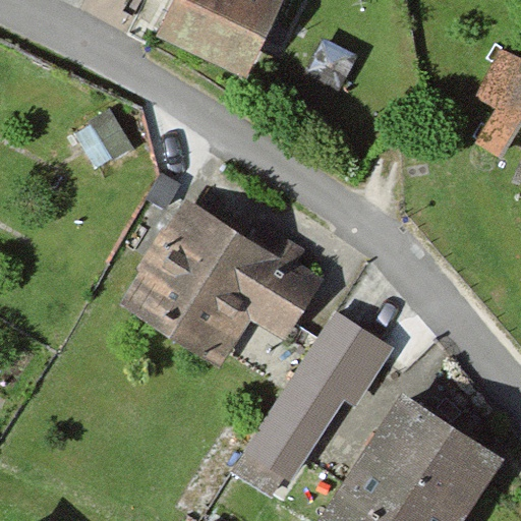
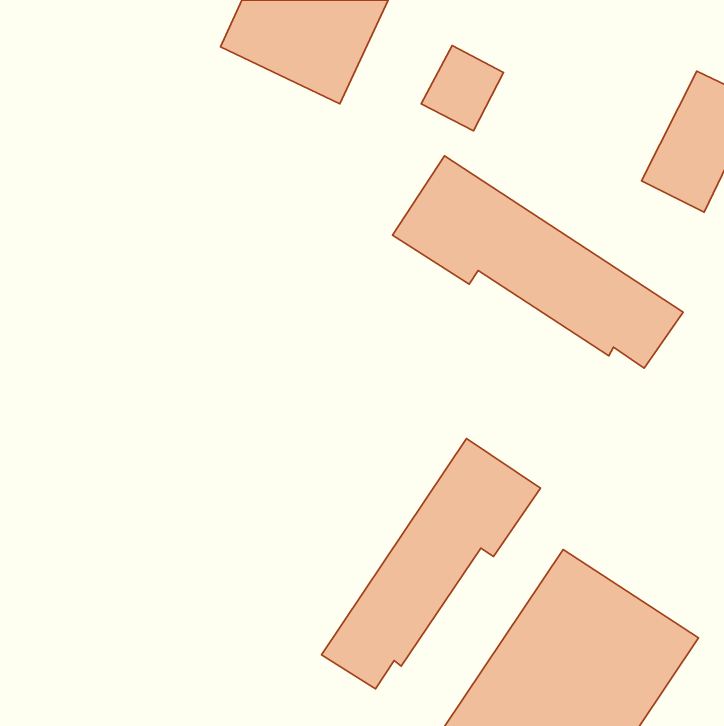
building: none -> [393,156,683,368]
building: [123,199,317,364] -> none

